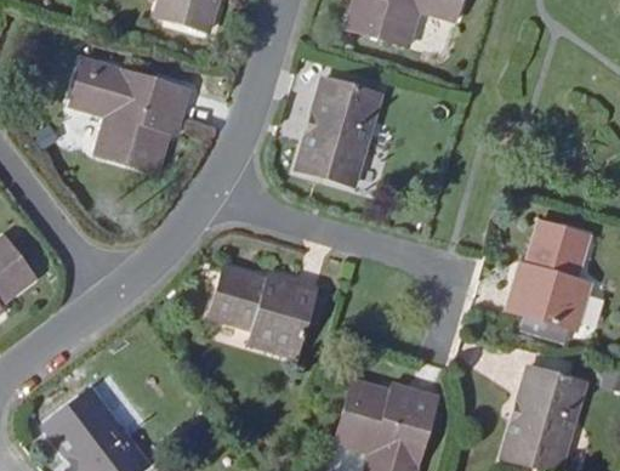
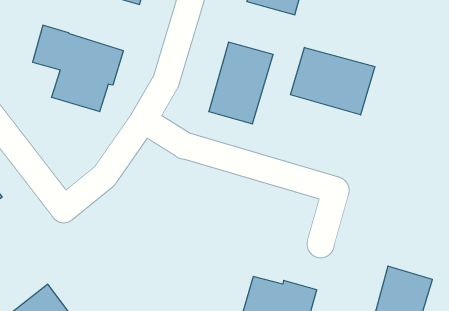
building: none -> [291,47,375,115]
building: [508,222,588,329] -> none
building: [210,268,314,357] -> none

